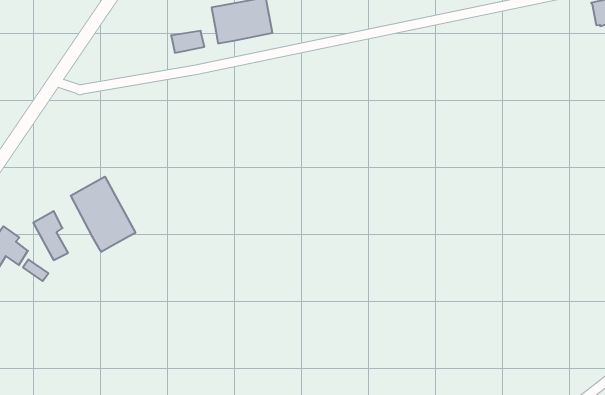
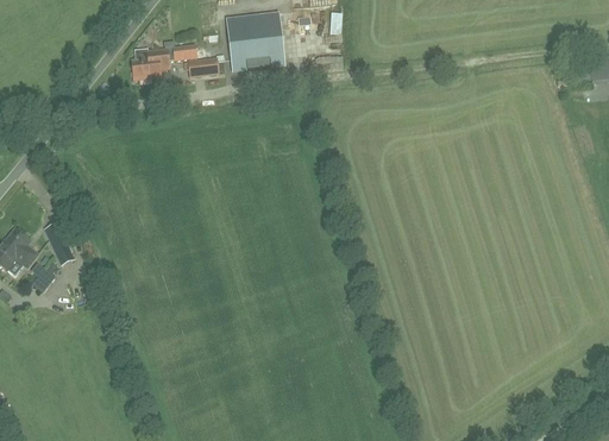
building: none -> [132,44,196,77]
building: [71,177,135,252] -> none

